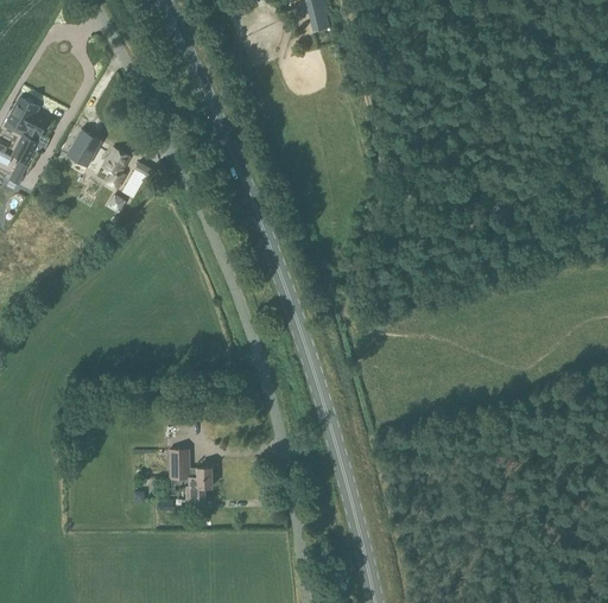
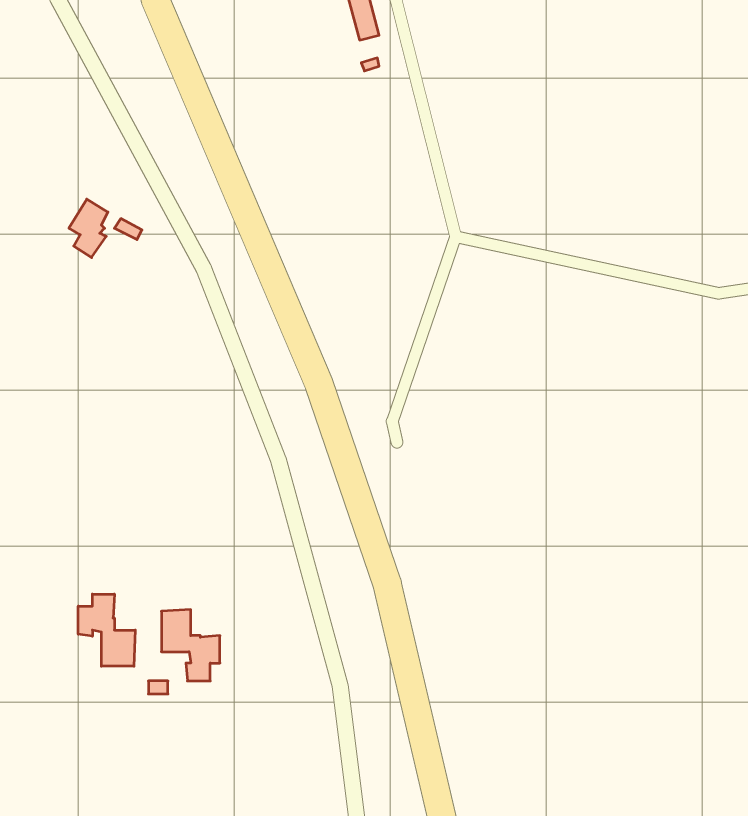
building: [65,129,101,167] -> none
building: none -> [78,594,135,666]

